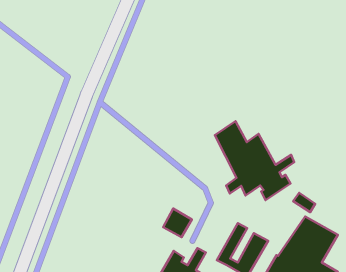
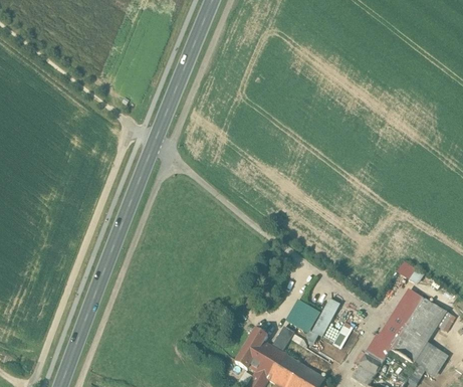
building: [215,121,294,200] -> none
building: [163,209,192,237] -> [285,297,319,331]

